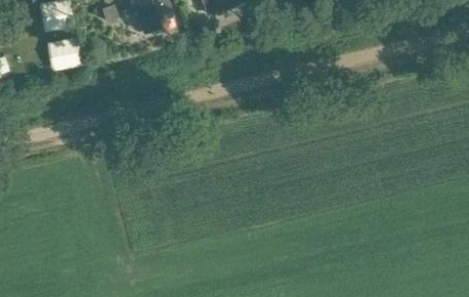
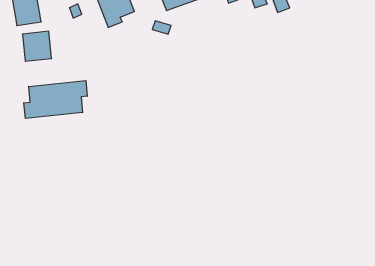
building: none -> [24,81,87,118]

